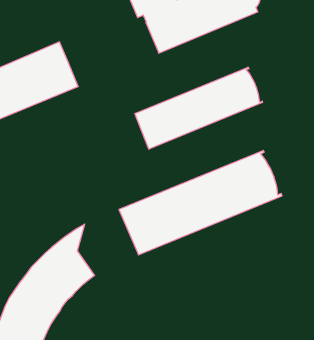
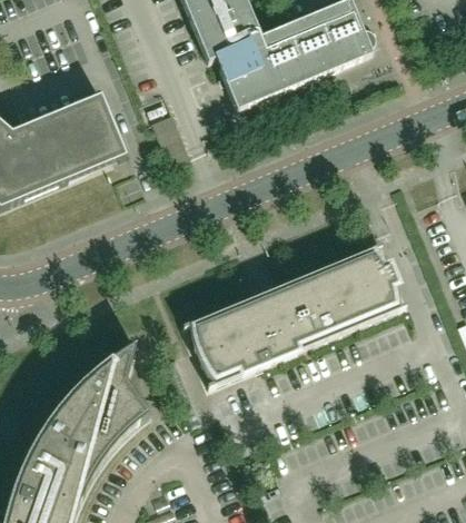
building: [135,67,263,149] -> none

